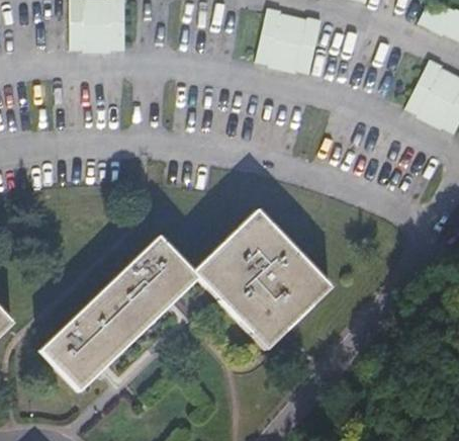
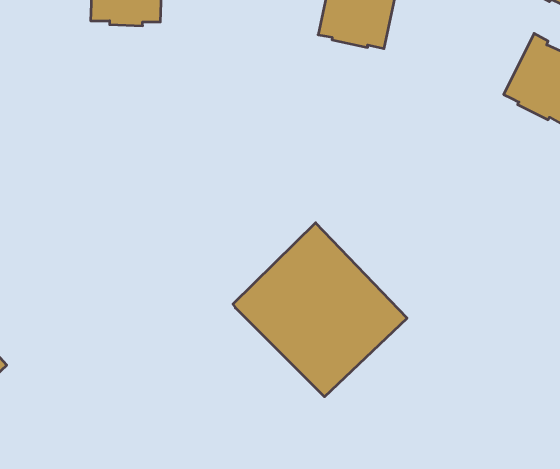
building: [36,239,194,390] -> none

